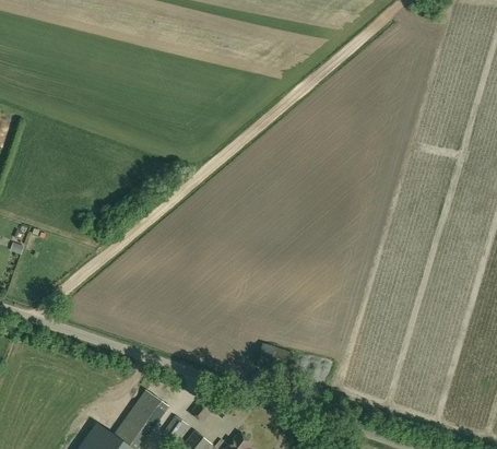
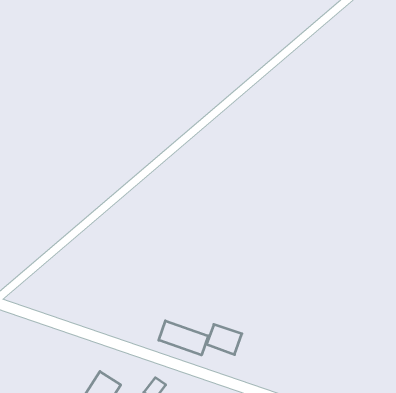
building: none -> [159,321,208,355]

